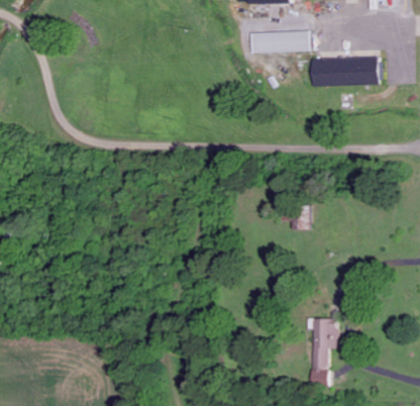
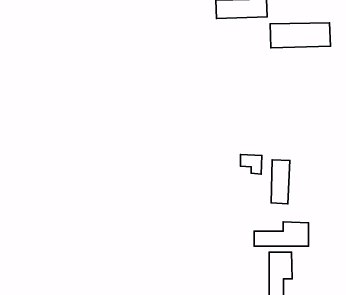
building: none -> [271,160,290,204]
building: none -> [254,222,309,246]

